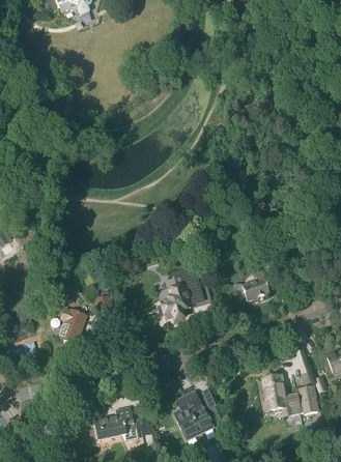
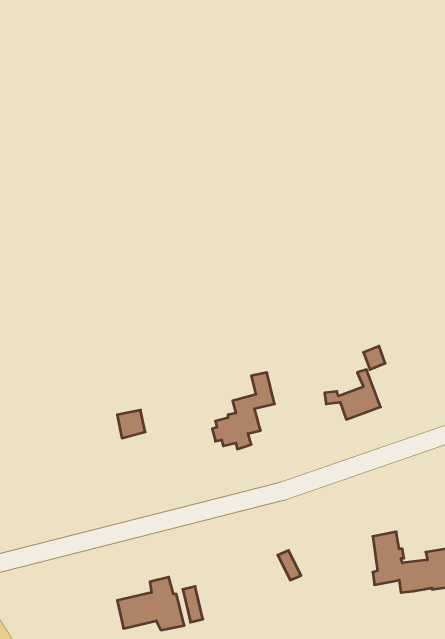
building: [58,308,86,343] -> none
building: [174,392,212,437] -> none

